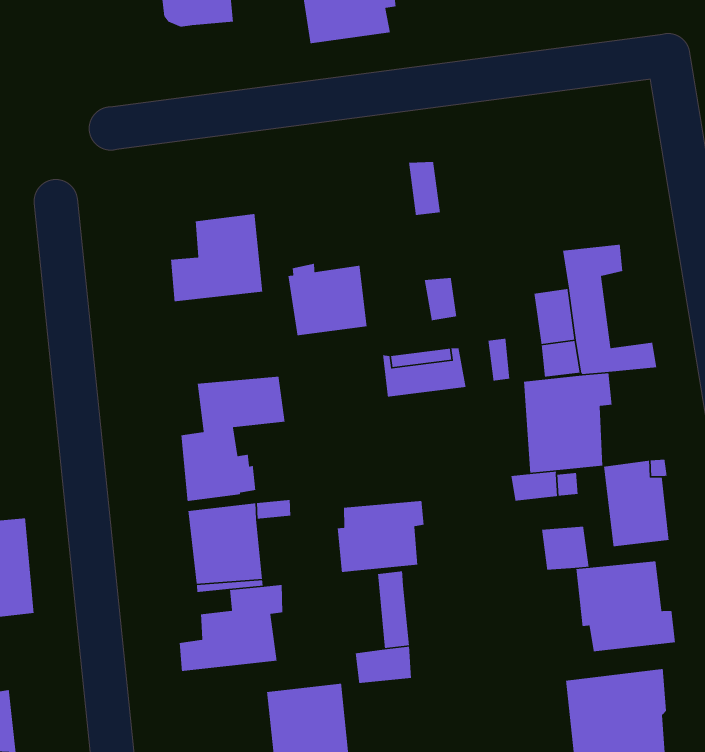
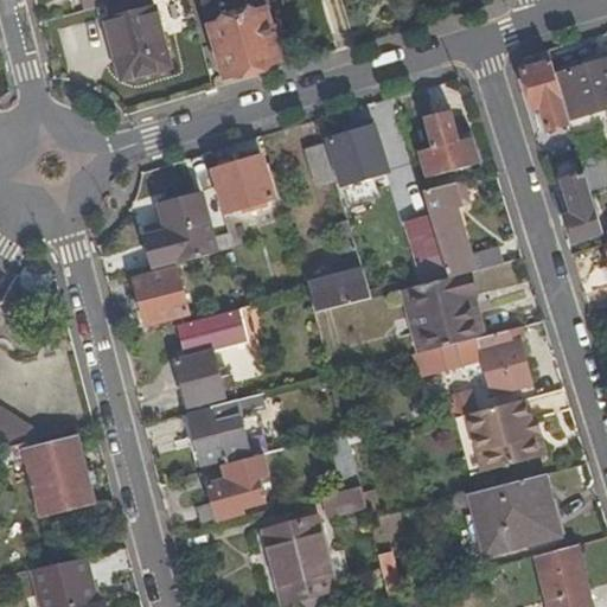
building: none -> [418,110,480,177]
building: none -> [330,127,385,184]
building: [287,263,367,336] -> [211,155,273,212]
building: none -> [132,269,186,326]
building: [337,500,425,573] -> none

